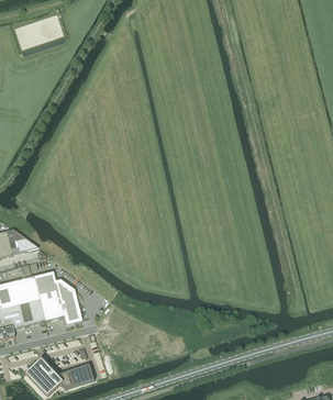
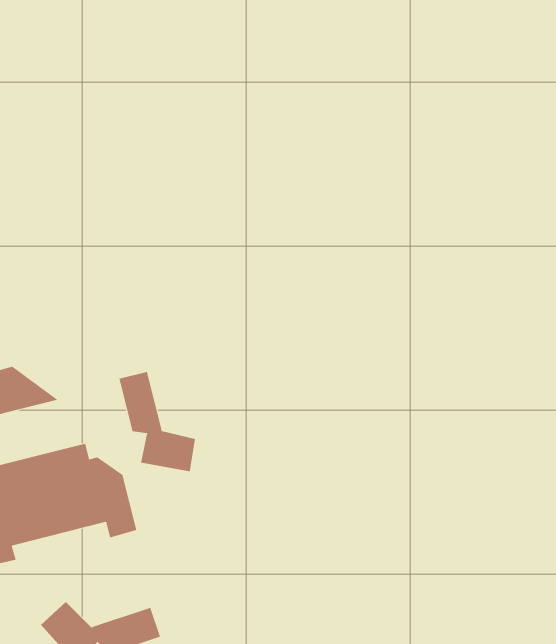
building: none -> [119,371,196,472]

